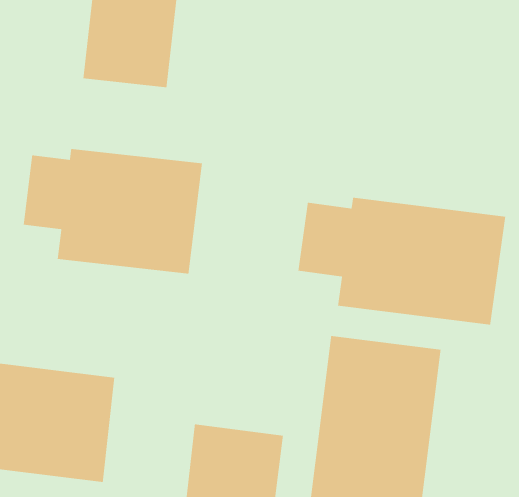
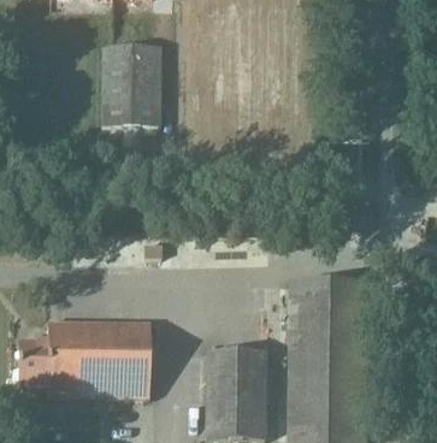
building: [23,148,203,274] -> none
building: [298,197,506,326] -> none

